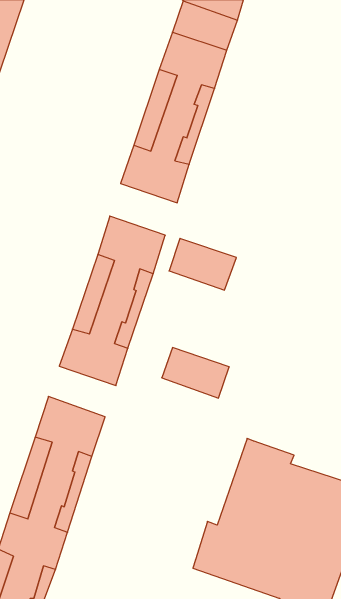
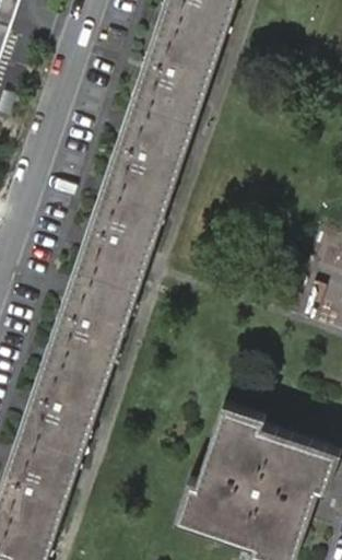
building: [169,238,236,290] -> [101,175,162,222]
building: [162,348,229,398] -> [45,341,106,387]

